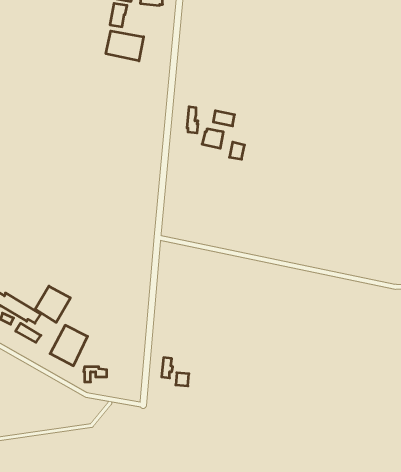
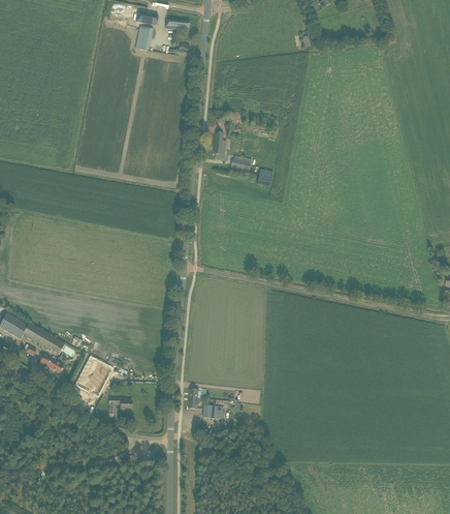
building: [106,31,144,61] -> none
building: [35,286,70,322] -> none

